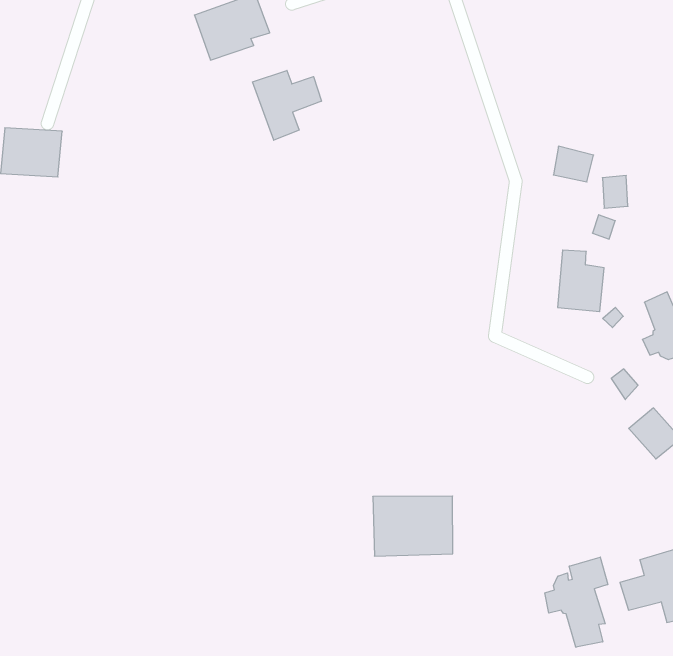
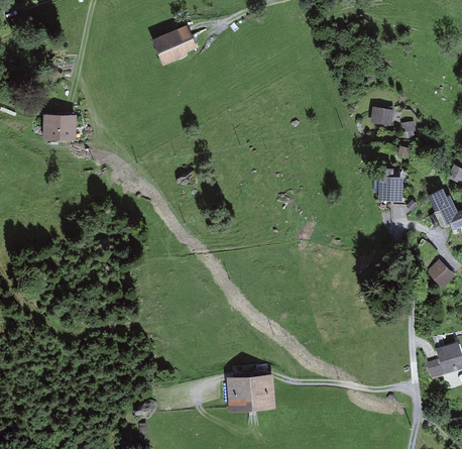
building: [253,70,321,140] -> none
building: [373,496,453,556] -> [225,373,274,412]
building: [545,557,608,647] -> none

